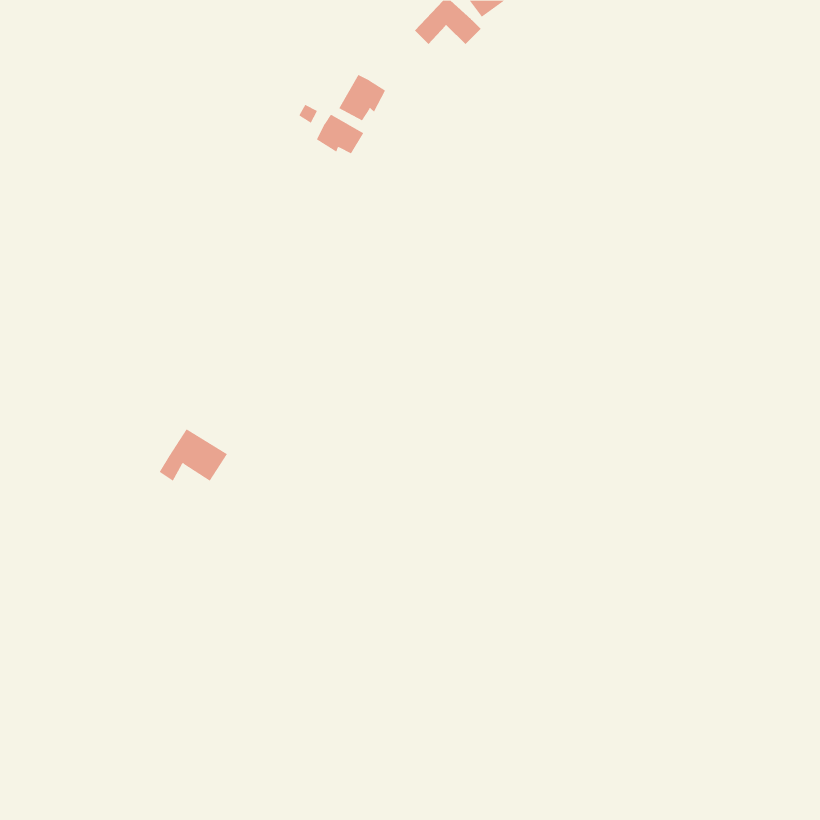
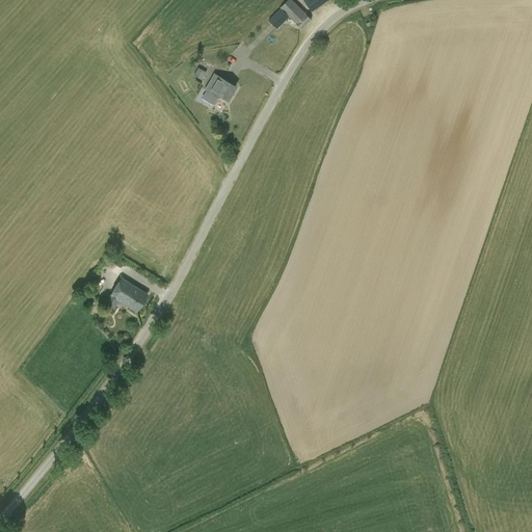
building: [339,74,386,121] -> none

